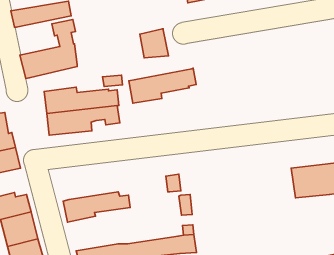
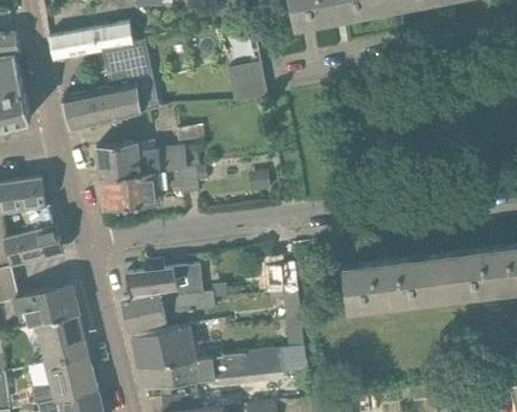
building: [129,68,196,103] -> none
building: none -> [342,254,443,307]
building: none -> [125,261,202,298]
building: none -> [131,325,198,369]

